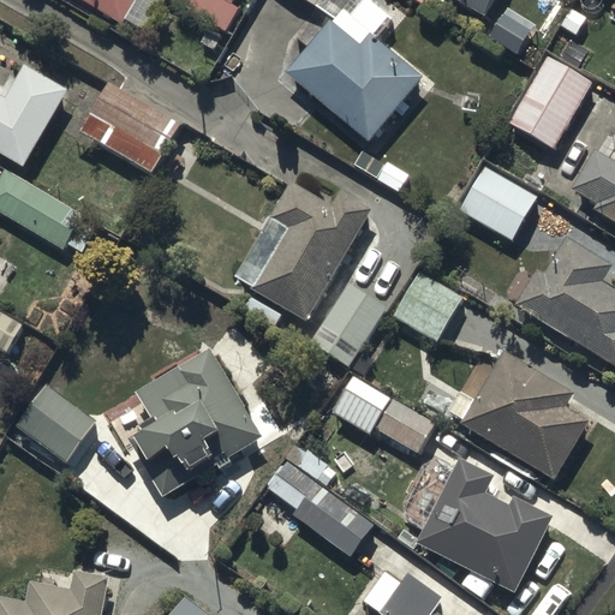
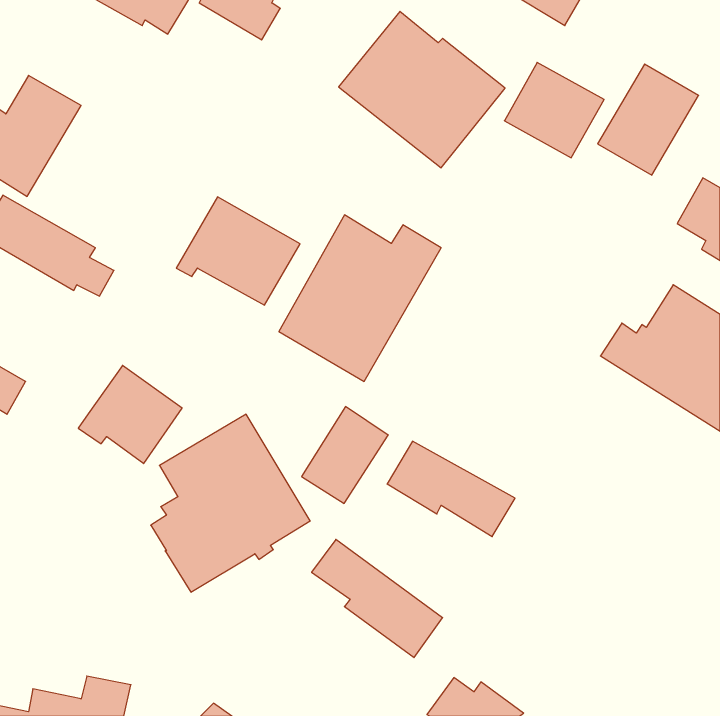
building: [71,70,175,161] -> [176,197,300,305]
building: [453,162,537,243] -> [504,62,604,158]
building: [387,267,468,347] -> none
building: [309,281,382,363] -> [302,407,388,503]
building: [443,348,587,480] -> none
building: [10,383,97,466] -> [78,365,182,464]
building: [414,458,556,597] -> none

